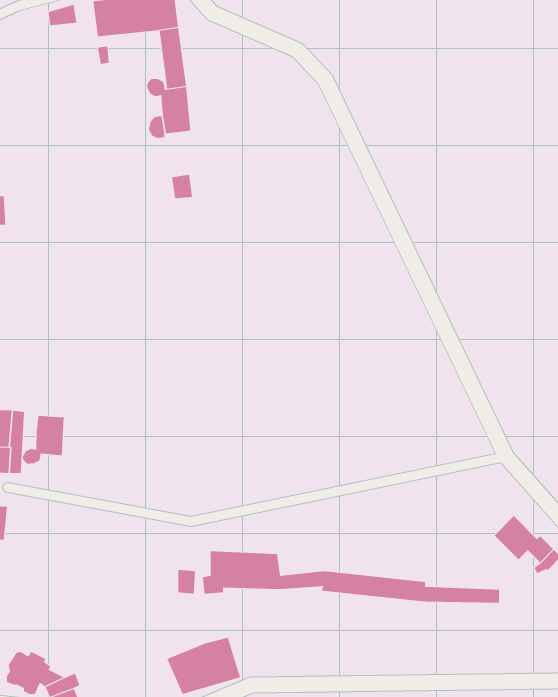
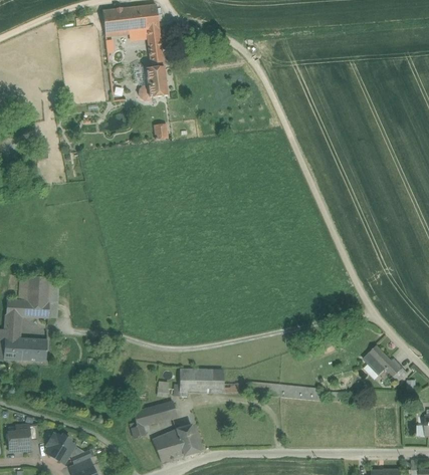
building: [22,415,64,464] -> none
building: none -> [130,401,177,439]

